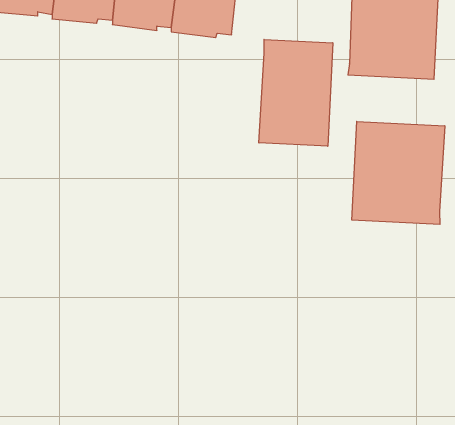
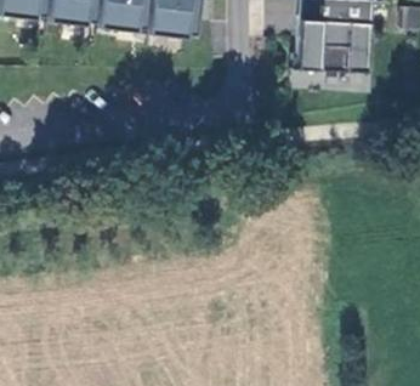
building: [259,39,333,146] -> none
building: [352,121,445,224] -> none

